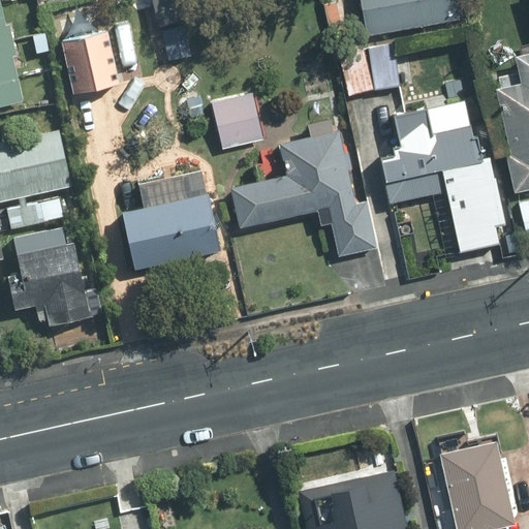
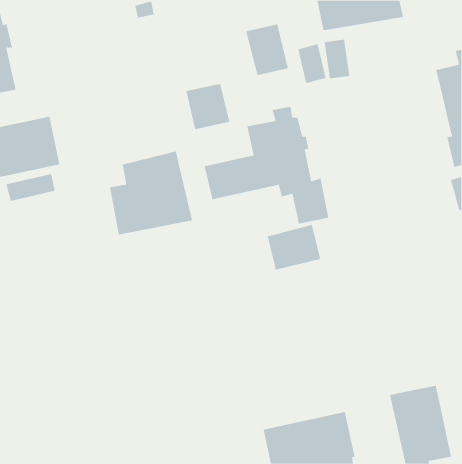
building: none -> [246,23,288,76]
building: [63,33,118,94] -> none
building: [381,107,504,253] -> none
building: [8,225,101,326] -> none
building: none -> [267,224,321,271]

